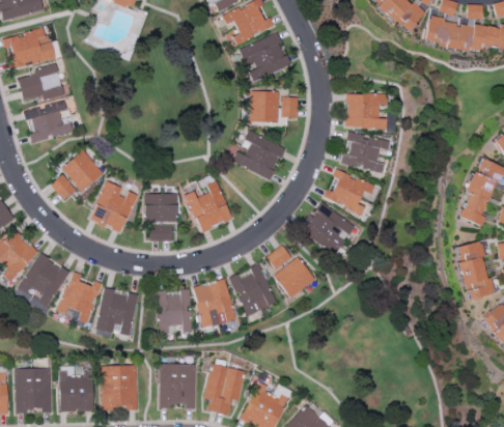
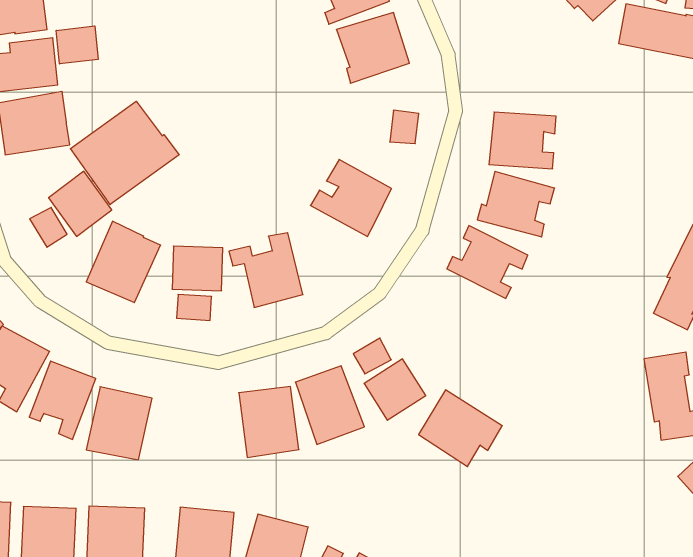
building: none -> [56,26,98,64]
building: [249,90,278,121] -> none
building: none -> [70,101,179,205]
building: [301,202,355,251] -> [419,390,502,467]
building: [156,289,190,332] -> none

